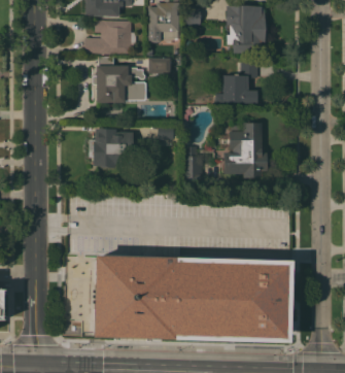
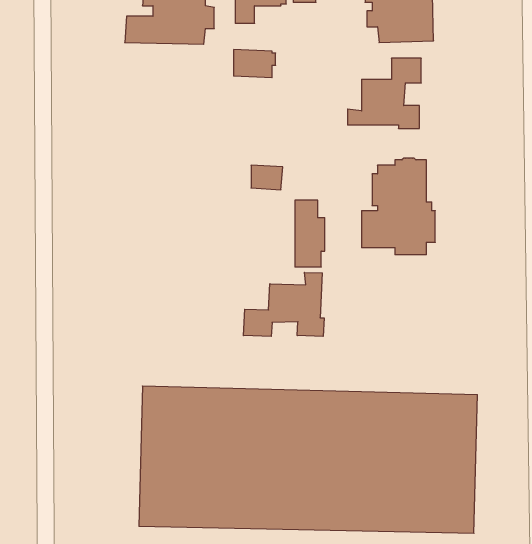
building: [91,57,144,102] -> none
building: [89,129,133,168] -> none
building: none -> [243,272,324,336]

